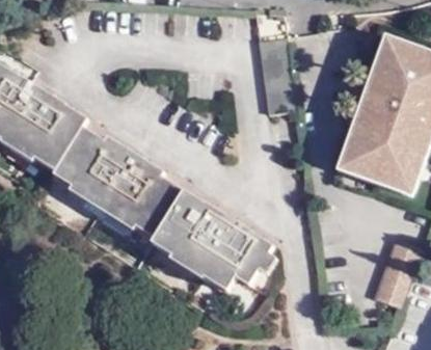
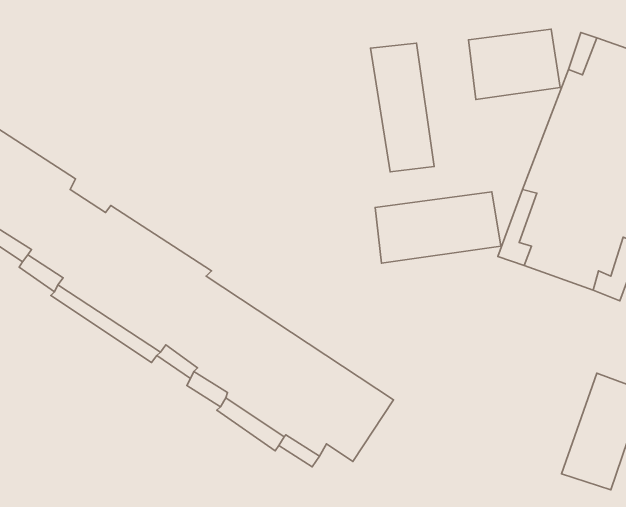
building: none -> [469,29,560,100]
building: none -> [375,192,501,263]

